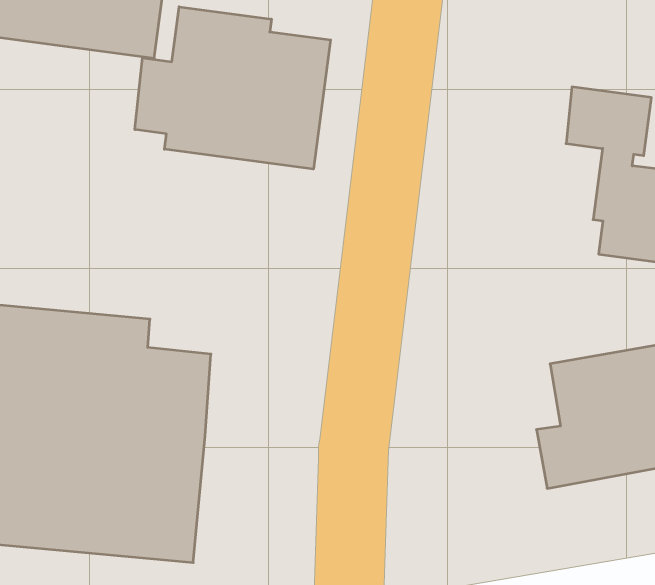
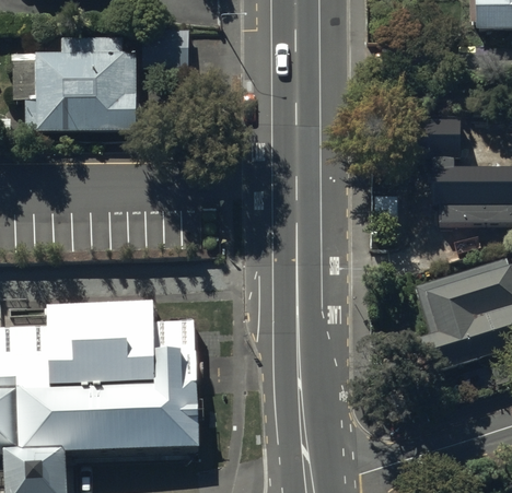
building: [135,7,331,169] -> none

